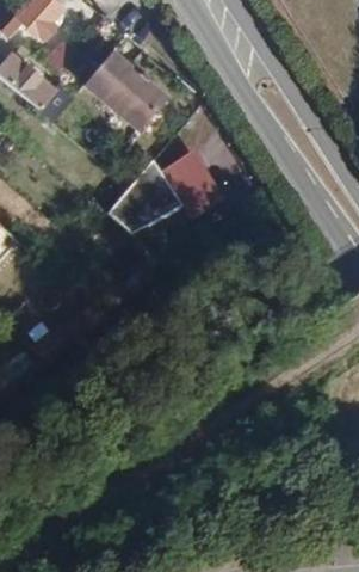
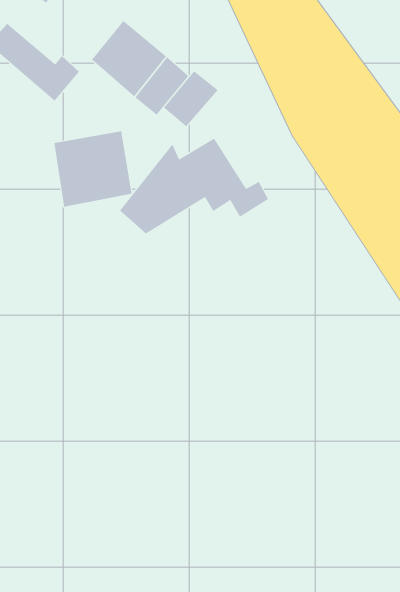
building: none -> [163,71,219,127]
building: none -> [54,131,132,208]

